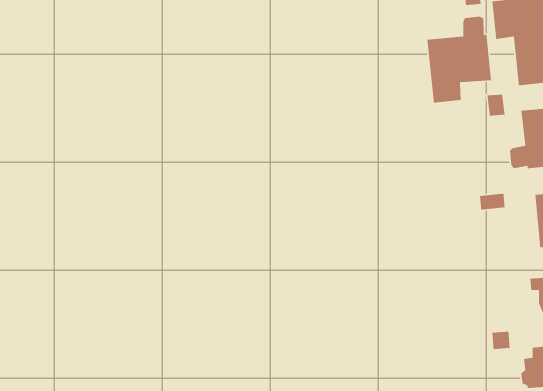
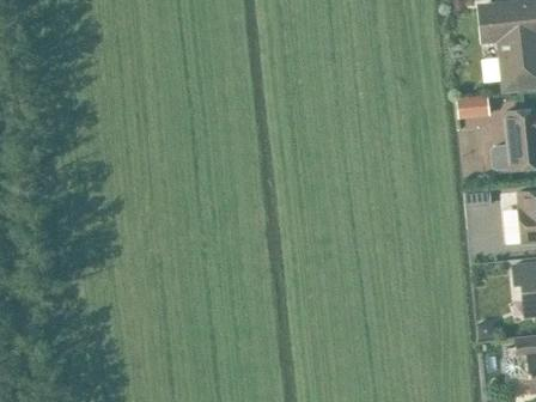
building: [426,16,492,104] -> none

